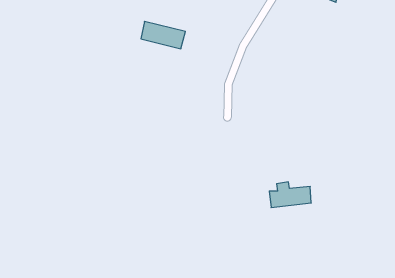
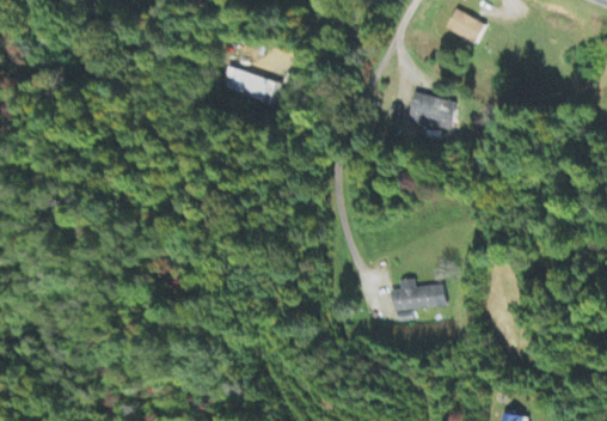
building: none -> [409,92,458,133]

